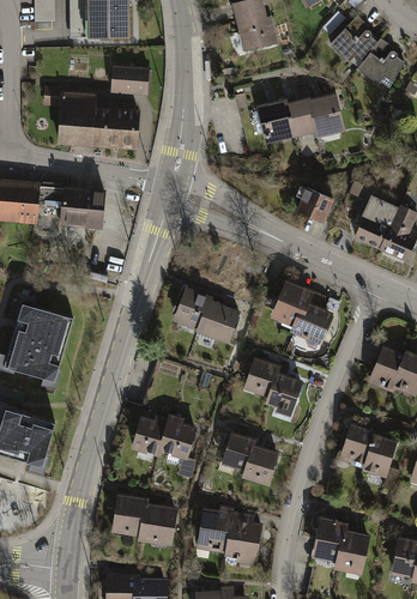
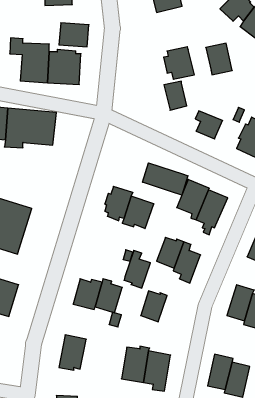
building: [286,96,318,135] -> [164,81,187,110]
building: none -> [143,163,188,195]
building: [244,436,280,488] -> [124,250,150,288]
building: [138,501,179,549] -> none

